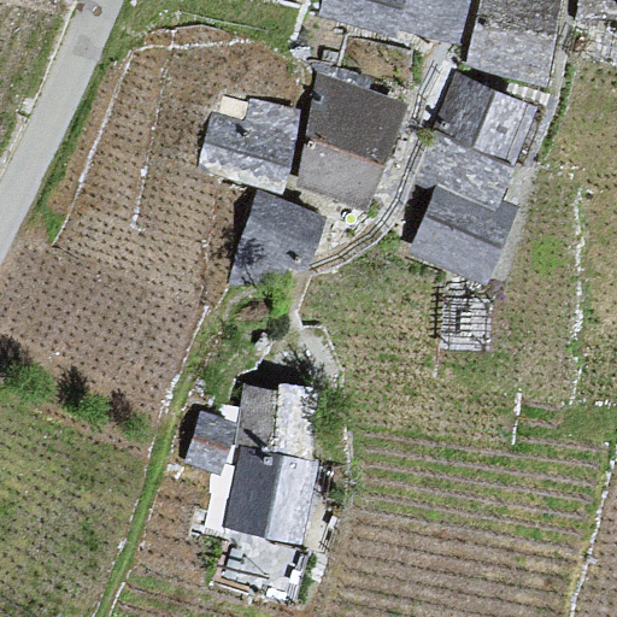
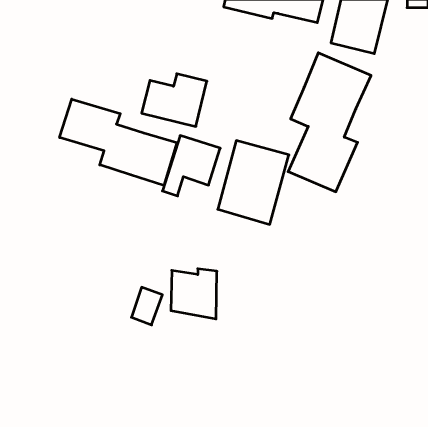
building: [299,82,401,202] -> [218,141,289,224]
building: none -> [60,99,177,185]
building: [231,447,311,536] -> none

